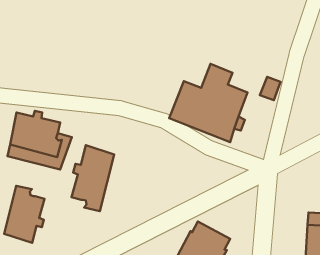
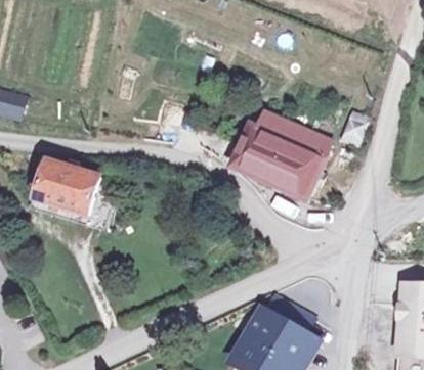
building: [72,145,114,211] -> none
building: [4,186,45,243] -> none

